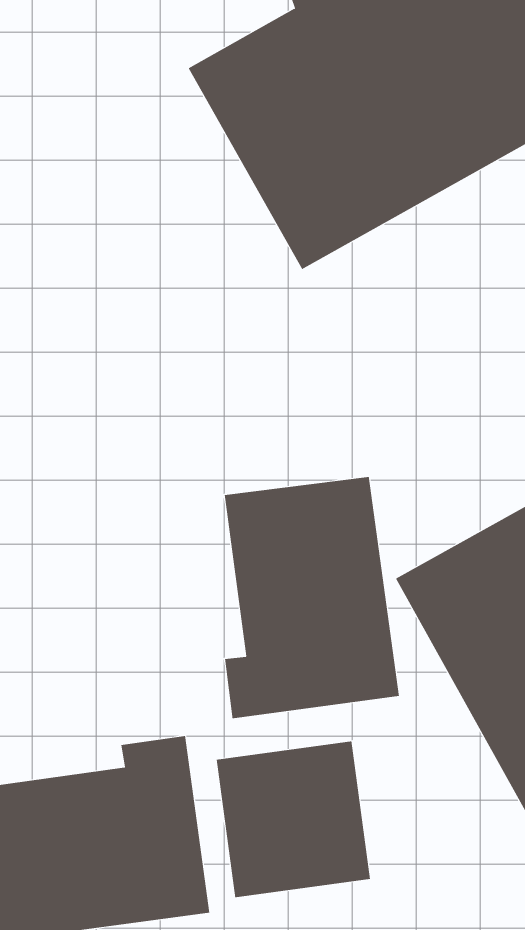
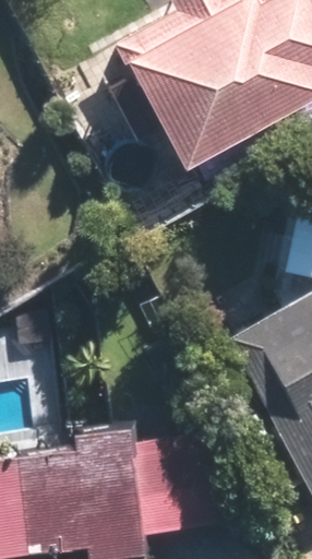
building: [224,476,400,719] -> none

